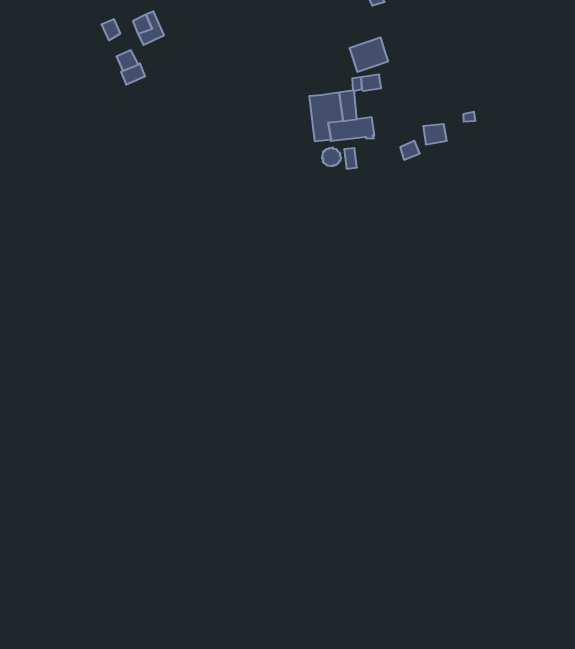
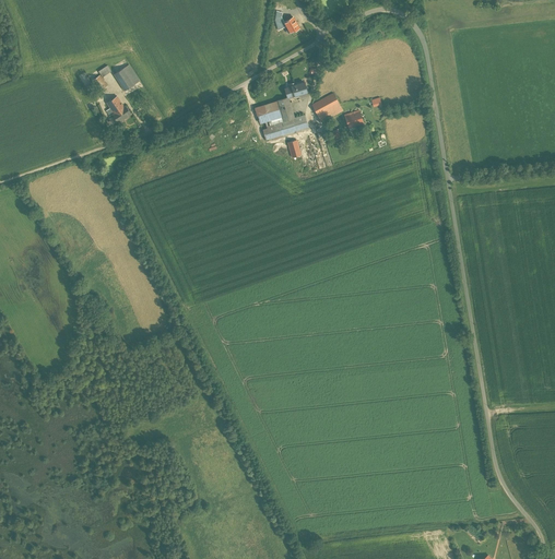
building: [349,38,388,72] -> [311,92,342,120]

